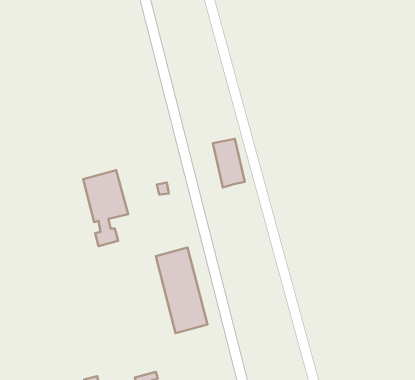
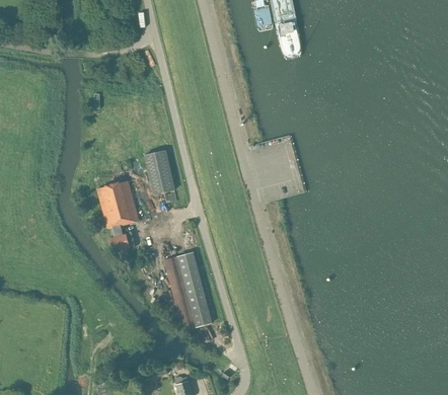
building: [213,139,245,187] -> [145,150,174,194]

